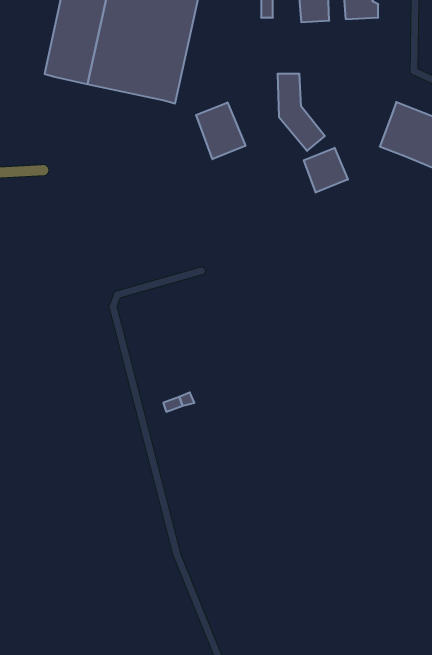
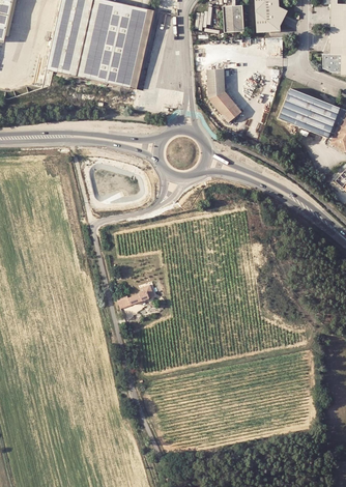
building: [196,102,245,159] -> none
building: [304,148,348,193] -> none

